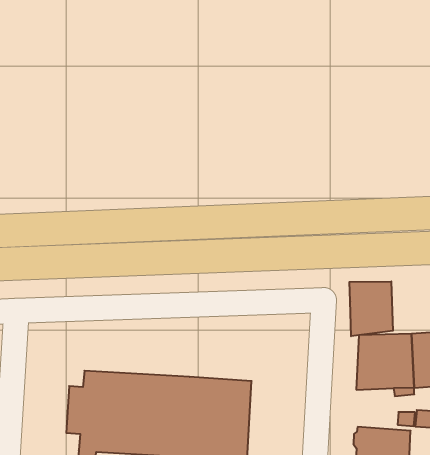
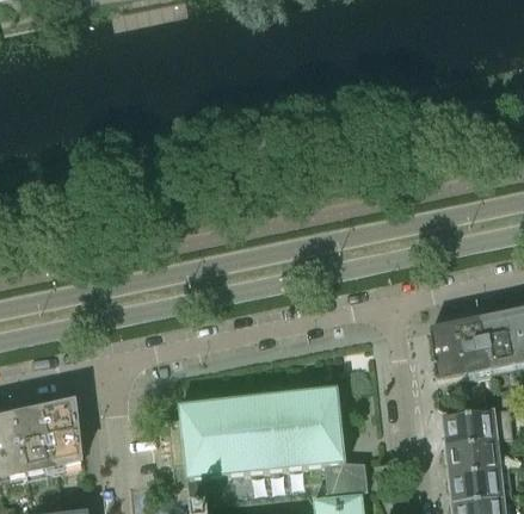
building: [349,281,393,336] -> none

